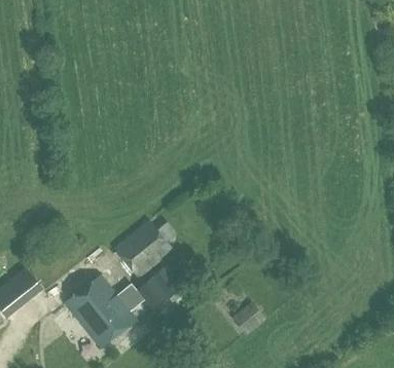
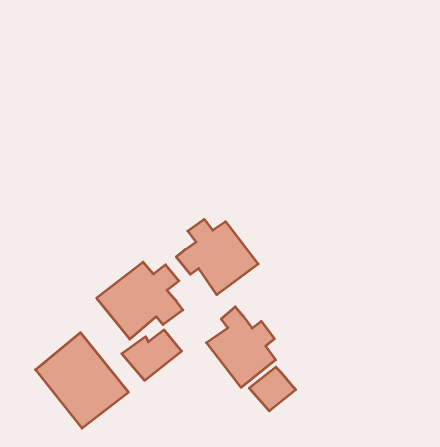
building: none -> [176,219,258,295]
building: none -> [206,307,276,387]

